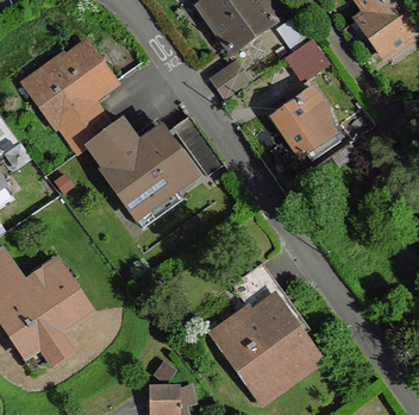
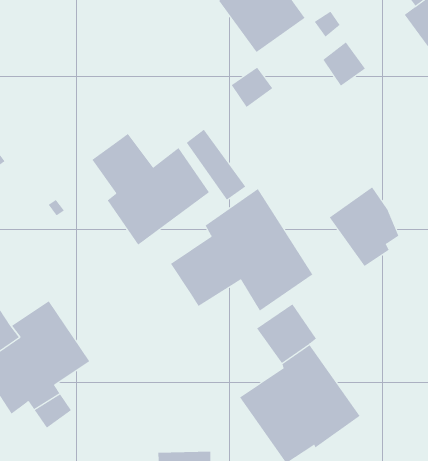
building: [26,43,114,147] -> none
building: [271,88,331,156] -> [329,186,399,267]
building: none -> [170,188,313,312]

